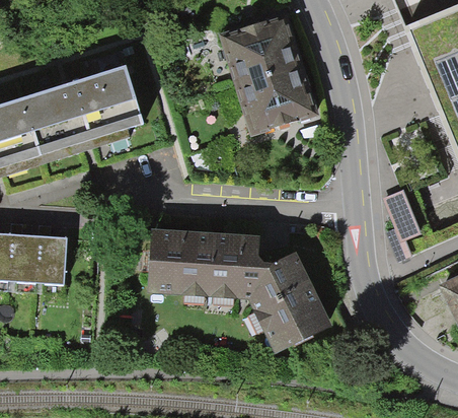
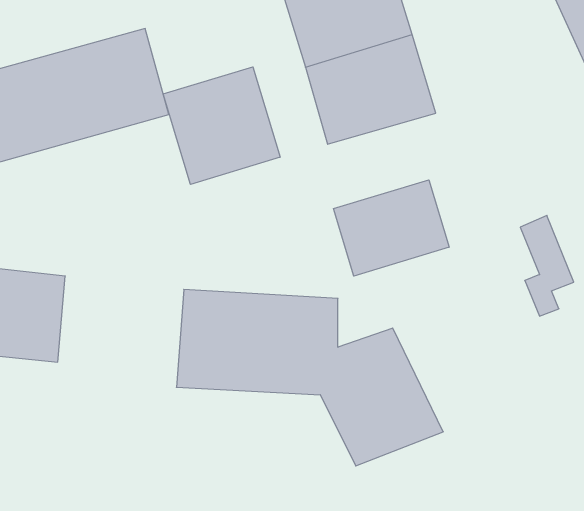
building: none -> [163,67,280,184]
building: none -> [333,180,449,276]

